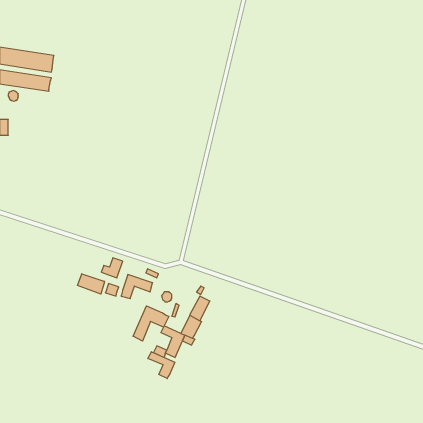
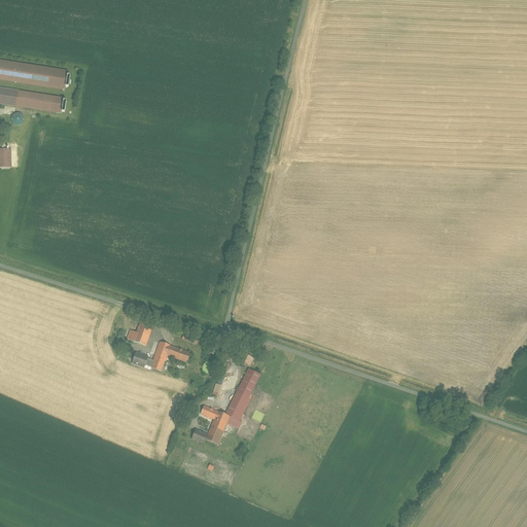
building: [77,274,105,294] -> none
building: [133,306,169,341] -> none
building: [148,352,175,379] -> none

